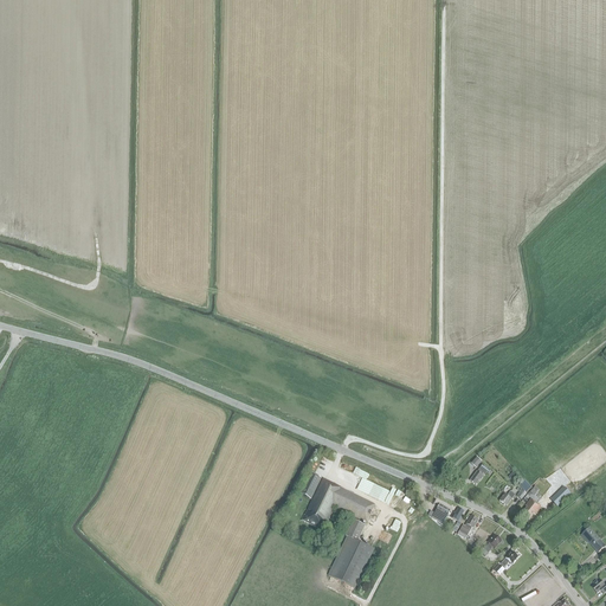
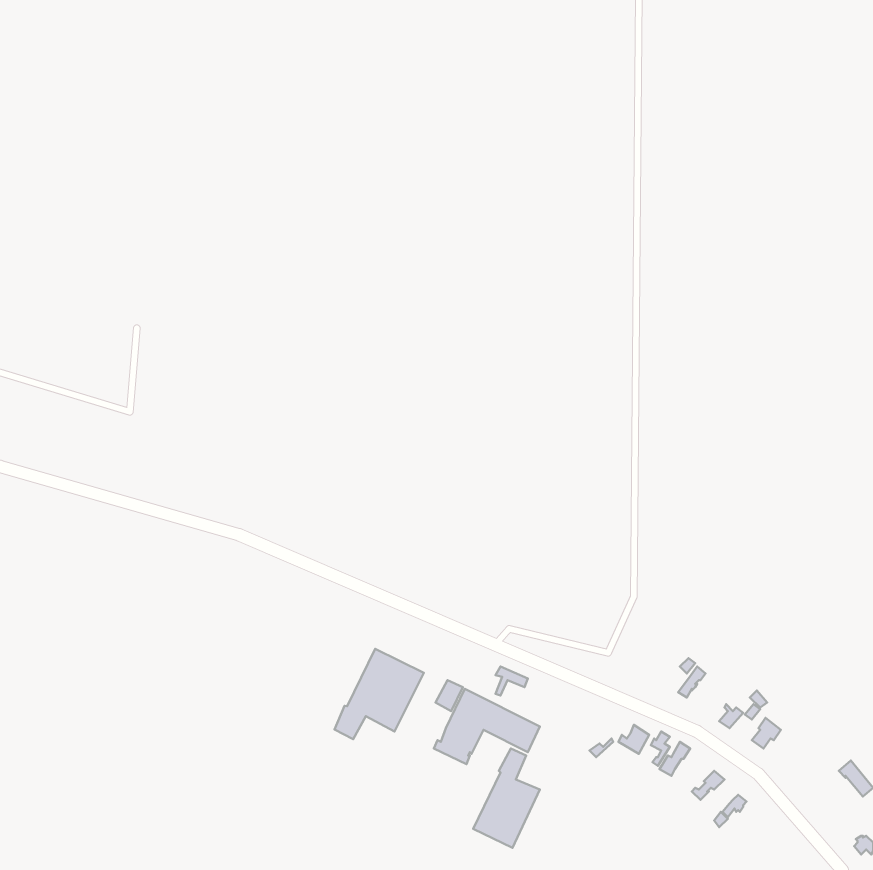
building: none -> [334,649,424,739]

